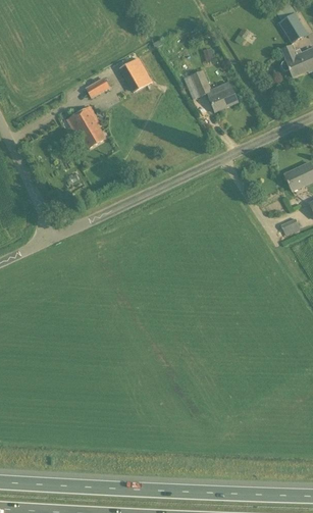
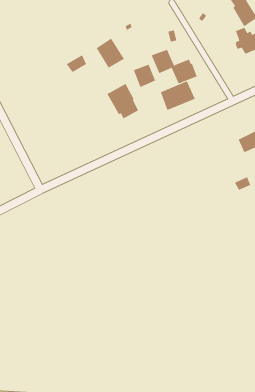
building: none -> [133,64,156,88]
building: none -> [160,81,196,111]
building: [67,107,105,149] -> [106,83,139,119]

